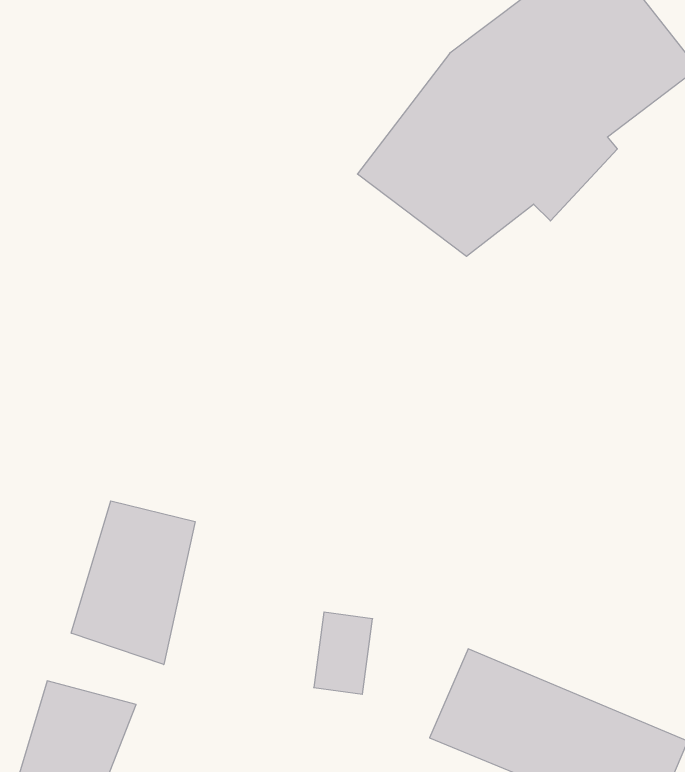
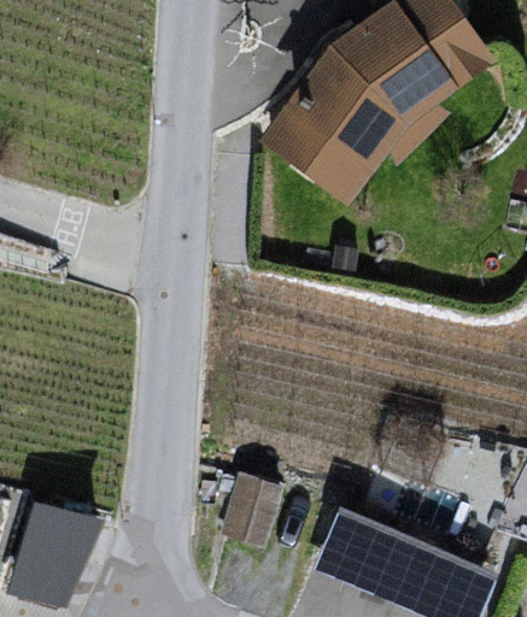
building: [71,501,195,665] -> none

